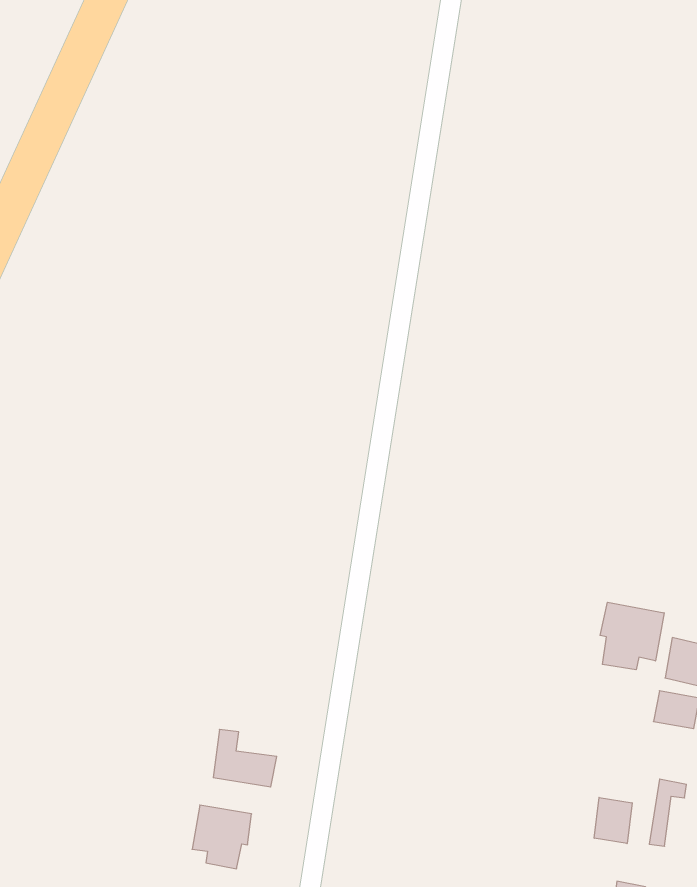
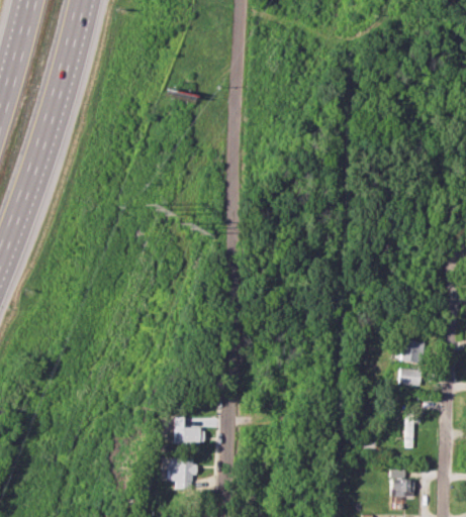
building: [600,602,664,670] -> none
building: [594,797,632,844] -> none

